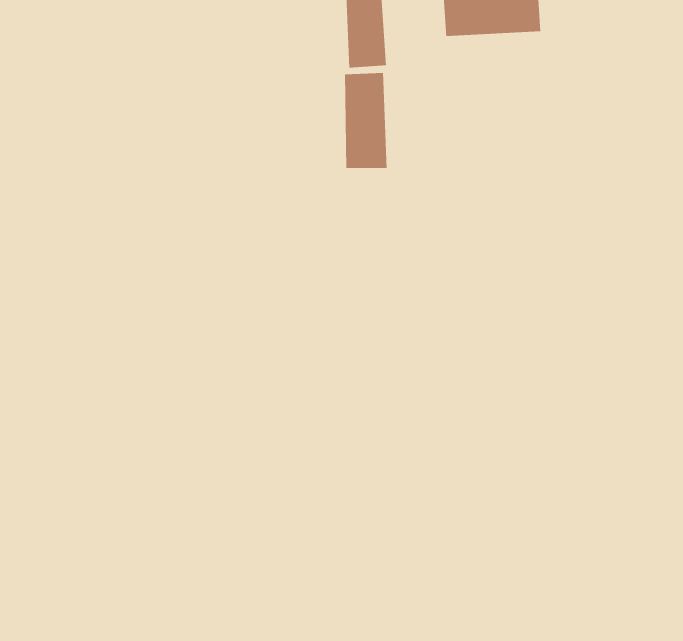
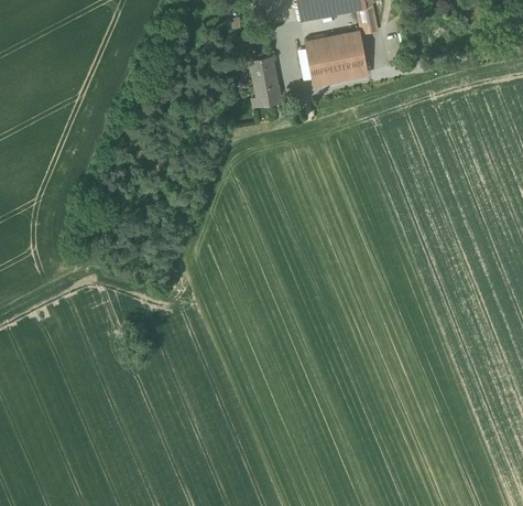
building: [344,72,387,169] -> none

